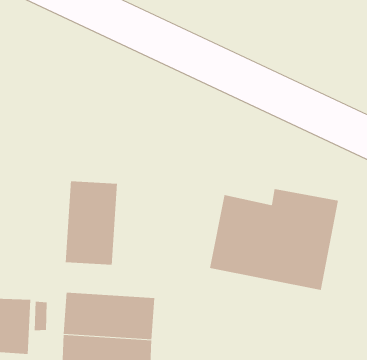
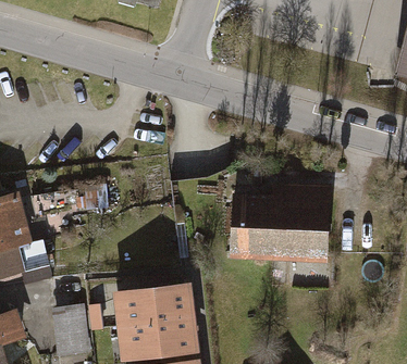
building: [65,181,118,266] -> none

